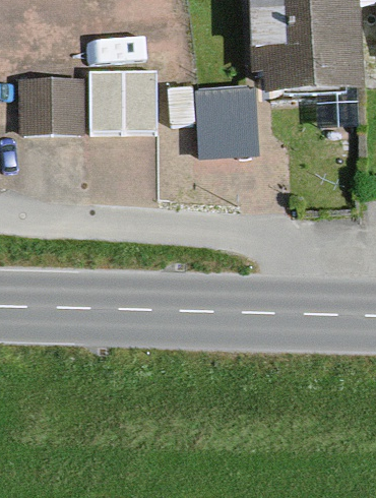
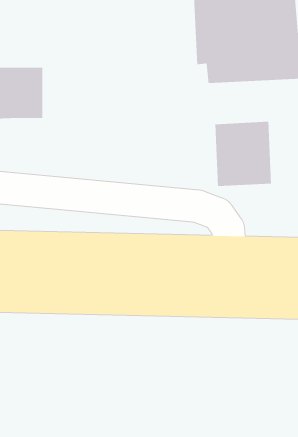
building: [93,58,156,117] -> none
building: [196,85,259,158] -> [214,121,272,187]

